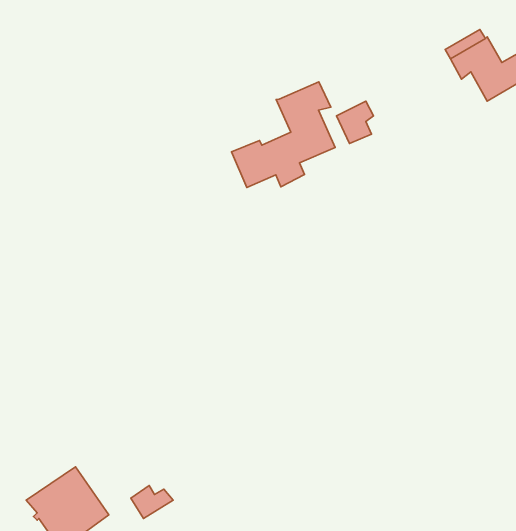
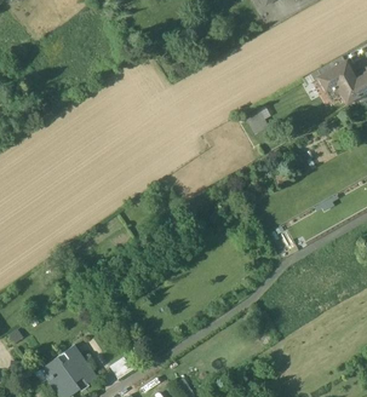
building: [232,82,335,188] -> none

